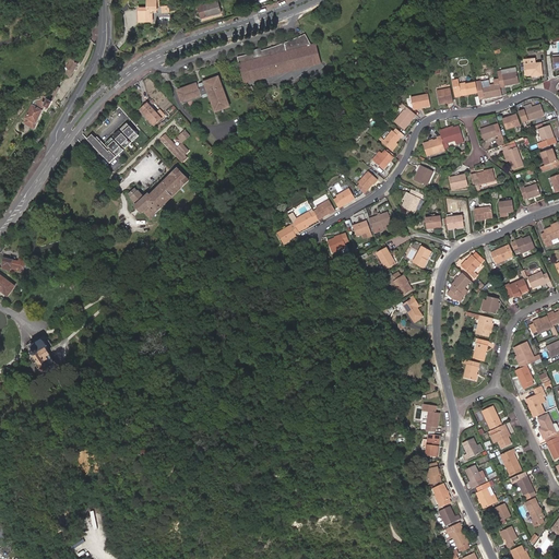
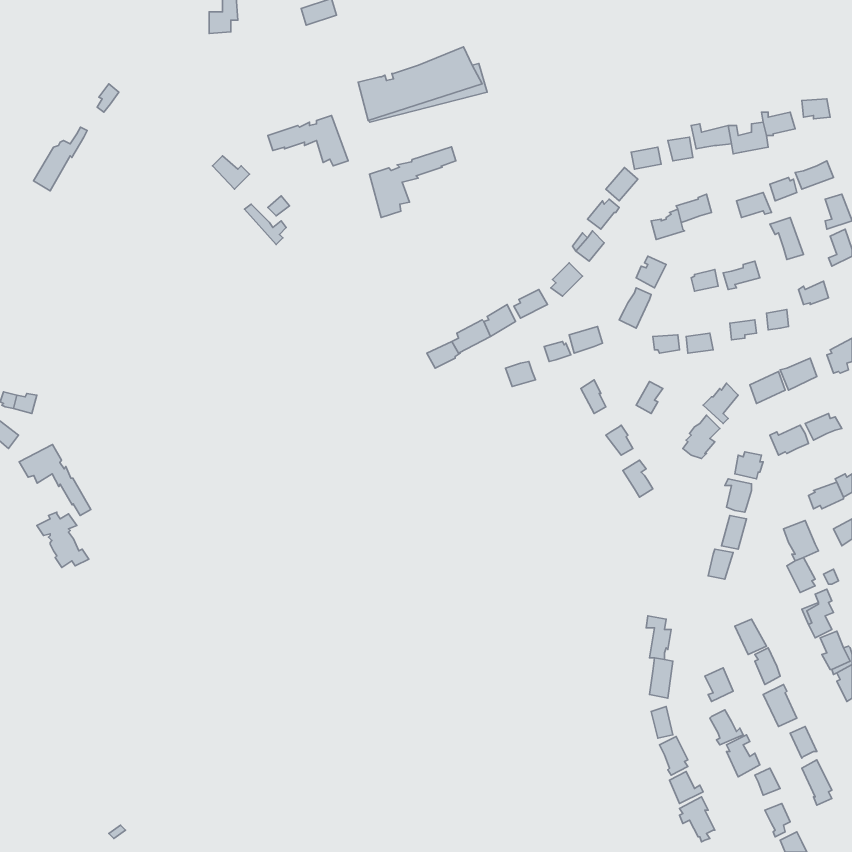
building: none -> [369,147,456,217]
building: [85,121,136,160] -> none
building: [128,166,187,215] -> none
building: none -> [19,445,91,516]

